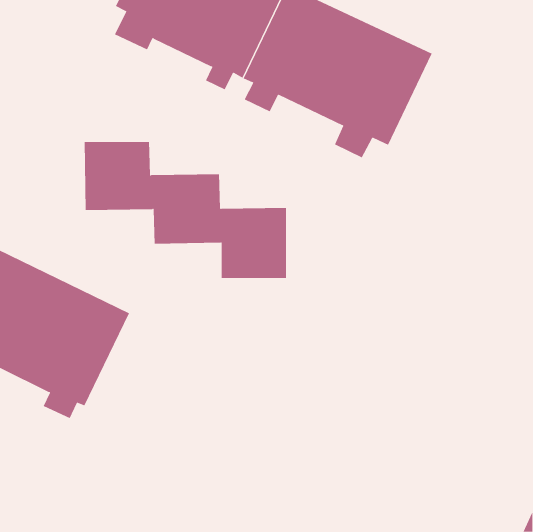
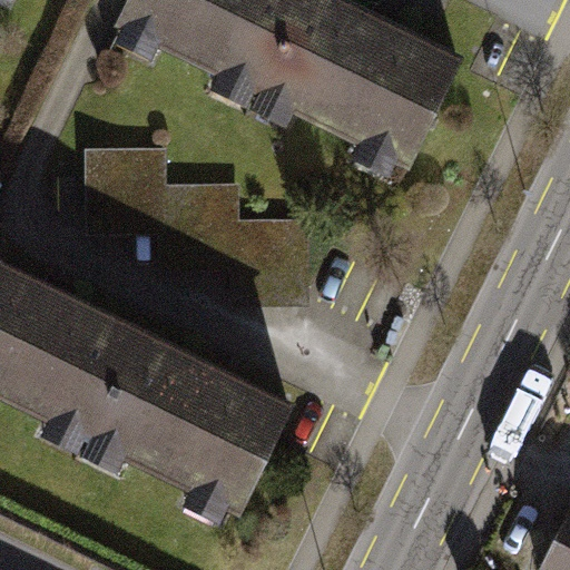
building: none -> [87,333,287,515]

